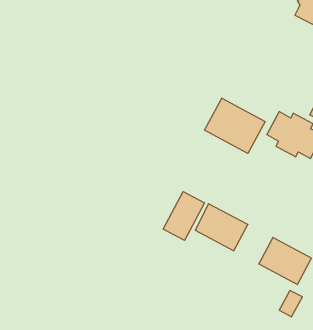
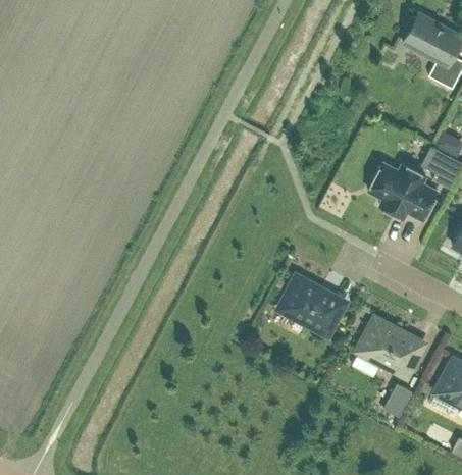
building: [204,98,265,153] -> none
building: [163,192,204,240] -> none

